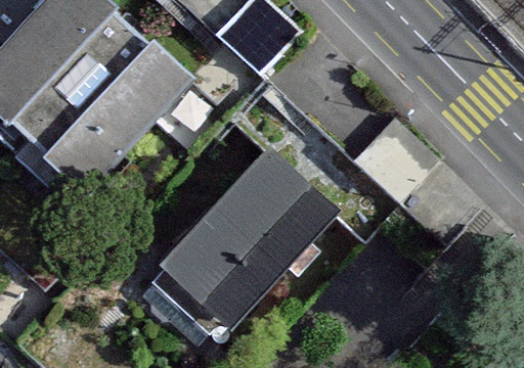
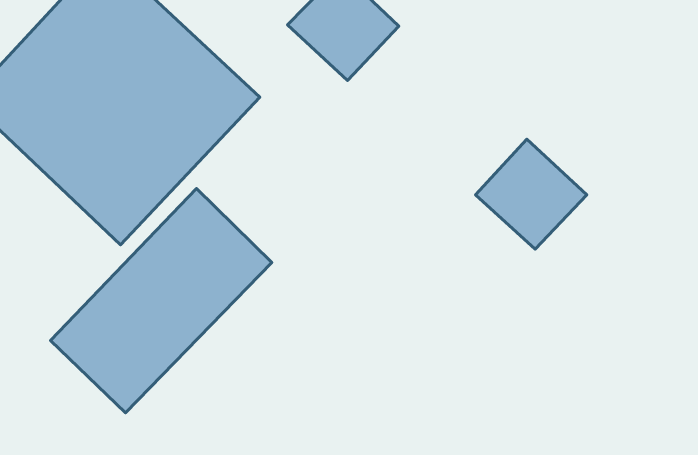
building: [158,167,320,331] -> [50,188,272,413]

